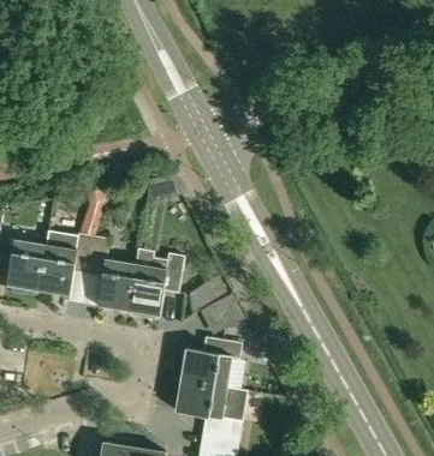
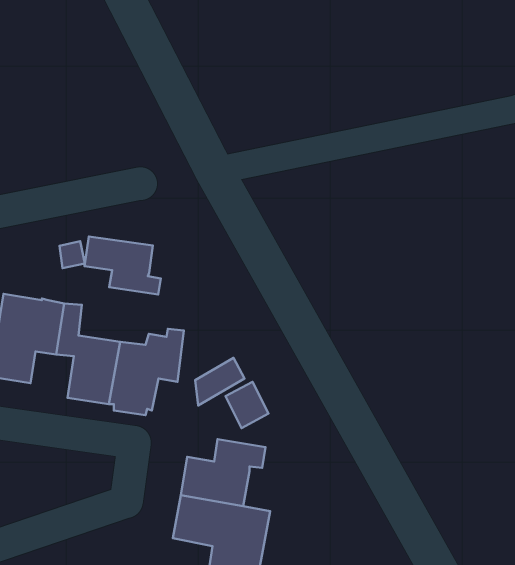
building: none -> [85,237,161,294]

